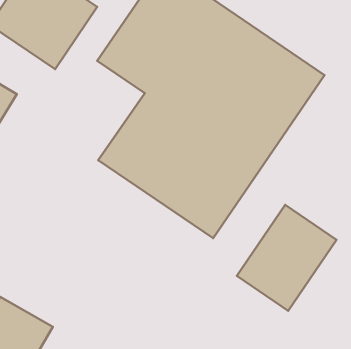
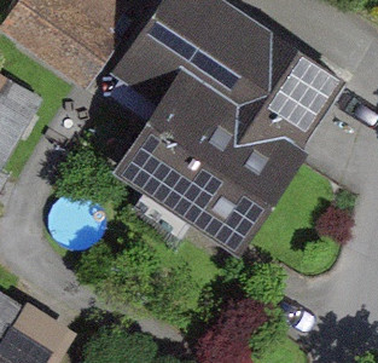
building: [237,205,337,311] -> none

